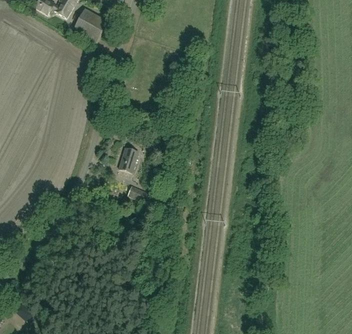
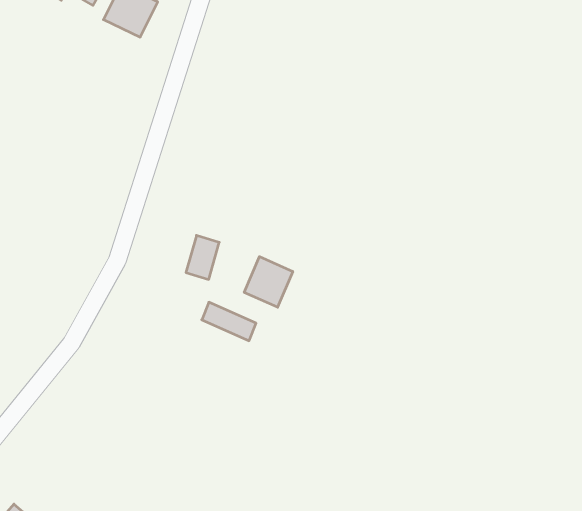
building: none -> [244,257,293,307]

